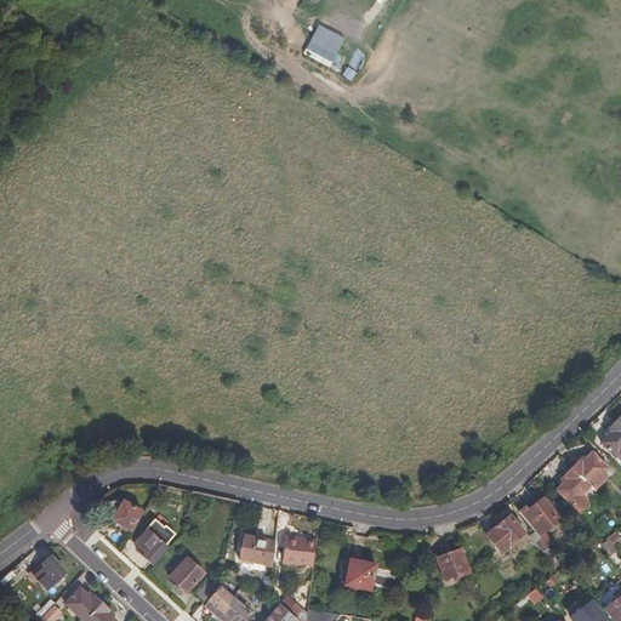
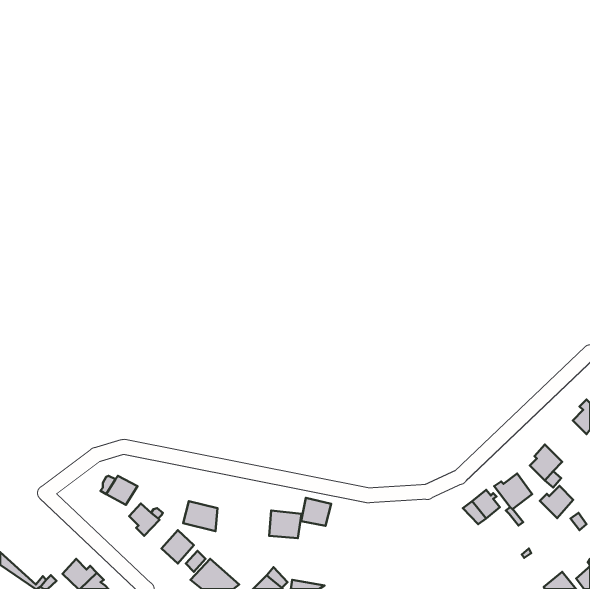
building: [304,24,342,64] -> none
building: [572,451,608,485] -> [540,486,573,518]
building: [239,535,275,566] -> [183,501,218,531]
building: [437,548,469,579] -> none
building: [35,554,67,588] -> none
building: [343,559,375,588] -> [301,498,331,526]

